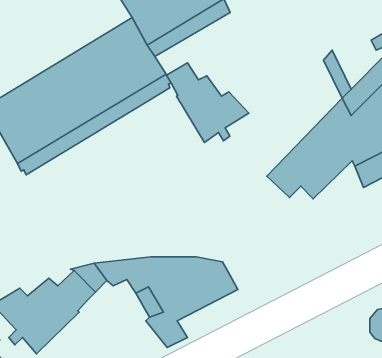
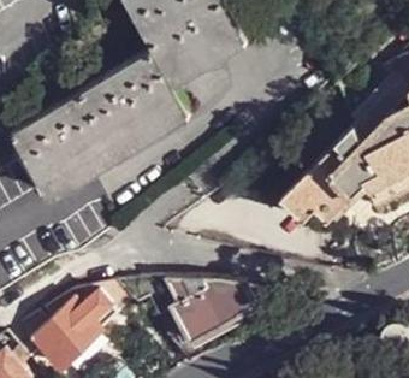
building: [167,63,249,143] -> none

